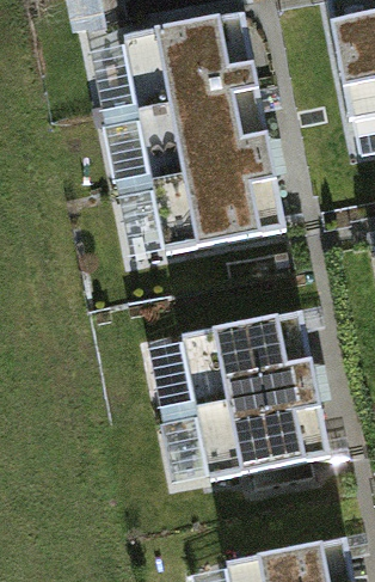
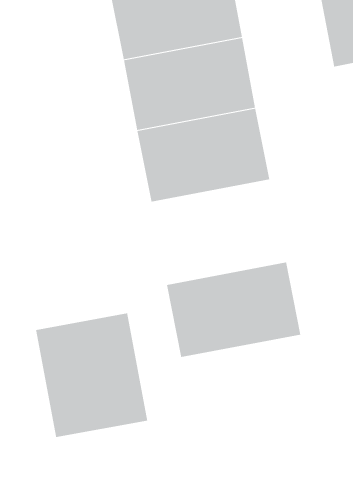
building: none -> [35,313,148,438]
building: [195,385,328,479] -> none

